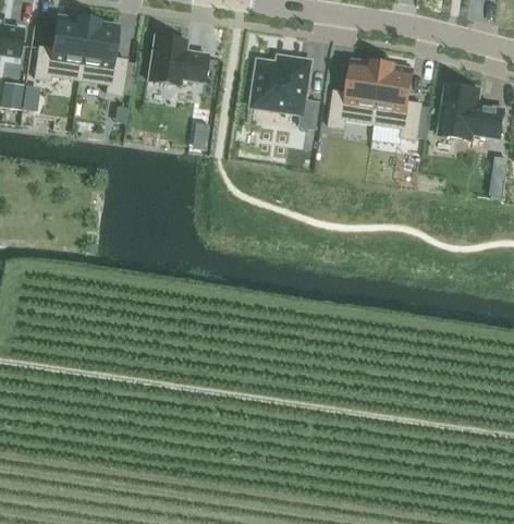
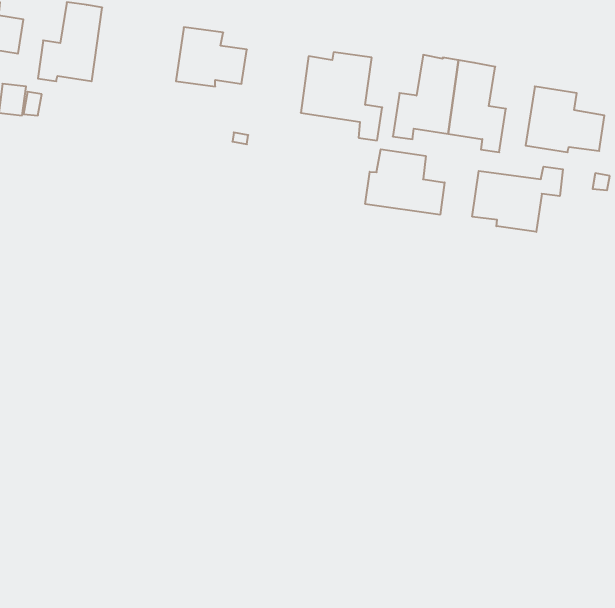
building: [78,19,126,95] -> none
building: none -> [365,149,445,215]
building: none -> [472,167,563,232]

